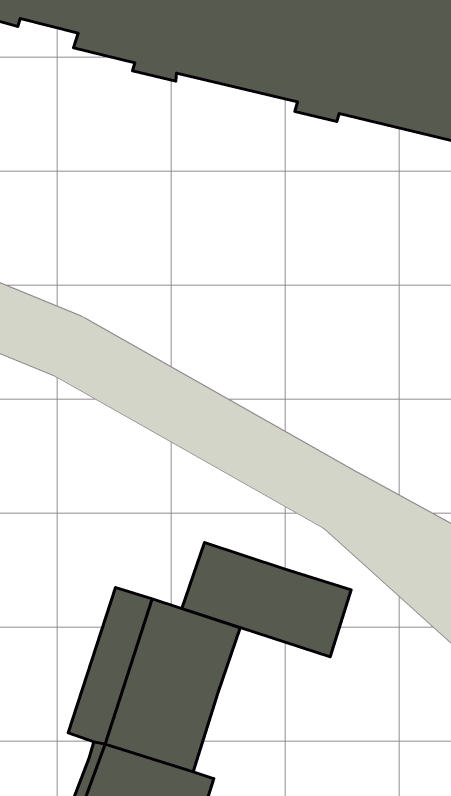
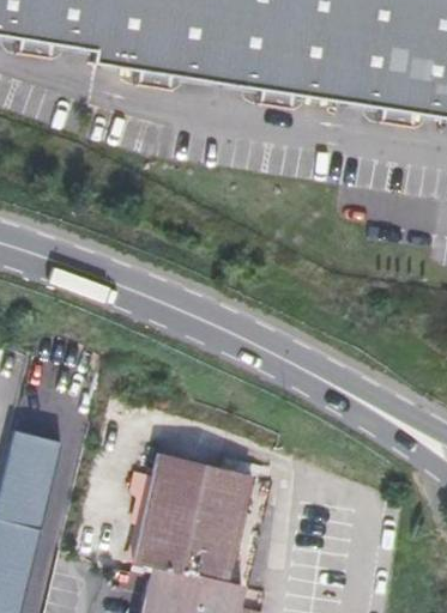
building: [182,543,351,657] -> none

